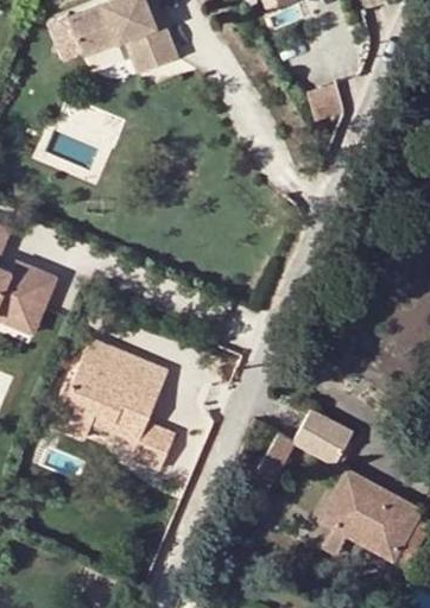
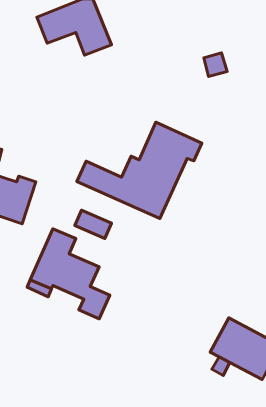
building: none -> [77,122,202,219]
building: [113,352,166,393] -> [75,210,111,238]
building: [252,408,352,489] -> none

